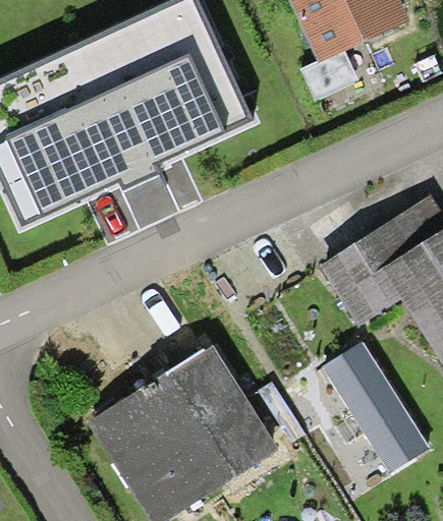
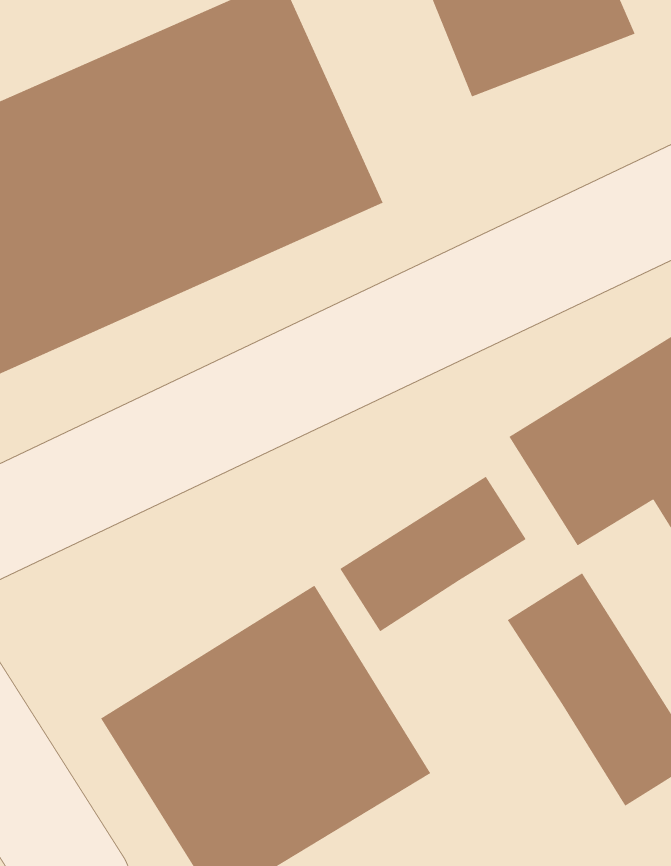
building: none -> [340,476,527,632]

